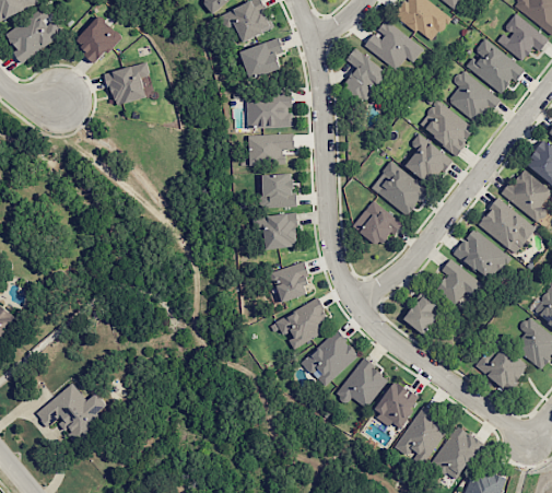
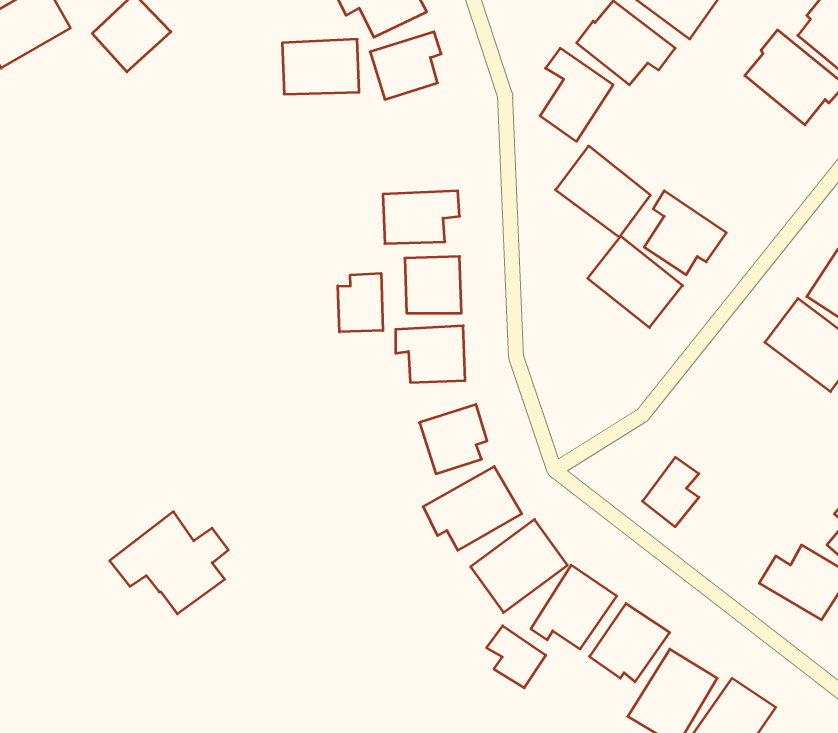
building: [106,62,151,105] -> none
building: [446,69,498,125] -> none
building: [246,95,292,128] -> [282,39,359,94]
building: [418,99,474,154] -> [555,146,650,237]
building: none -> [338,273,383,332]
building: [351,200,400,248] -> none
building: [453,227,510,282] -> none
building: [437,258,479,305] -> none
building: [35,383,106,444] -> [110,512,228,614]
building: none -> [487,626,546,688]

